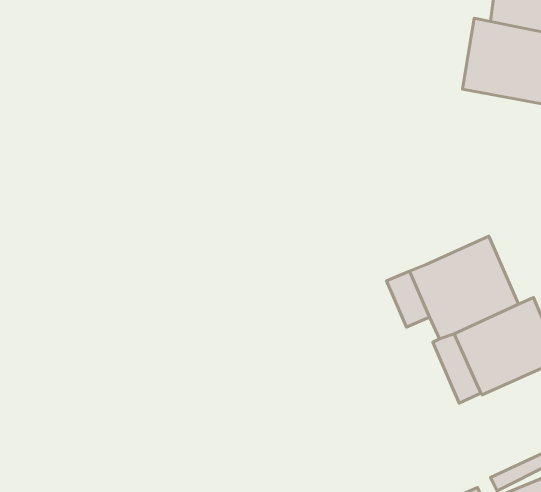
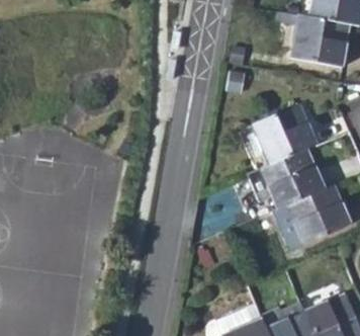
building: none -> [252,104,317,165]

